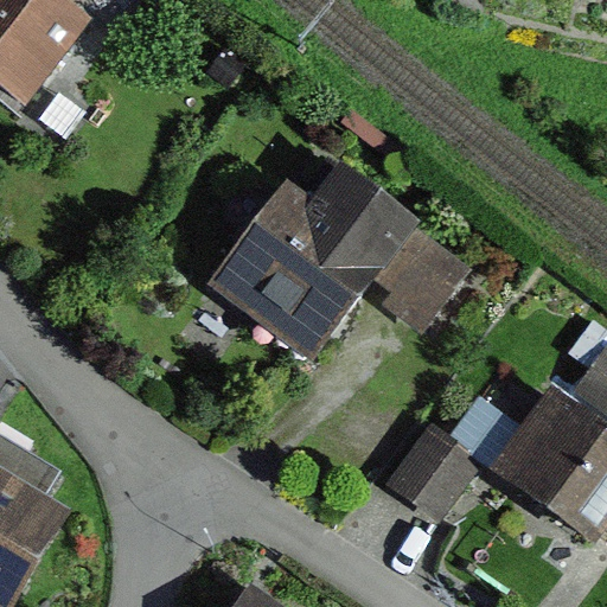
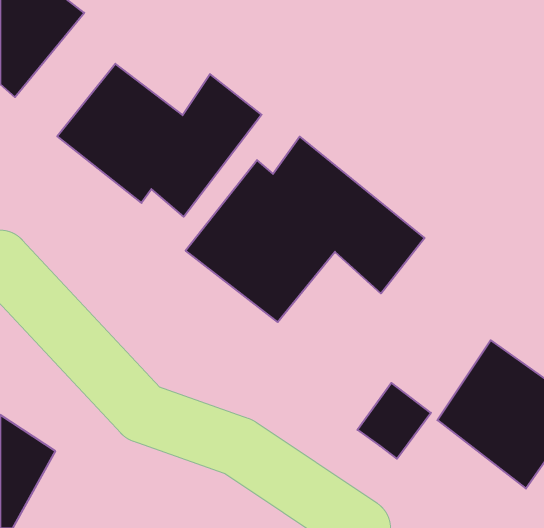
building: none -> [57,64,262,217]

